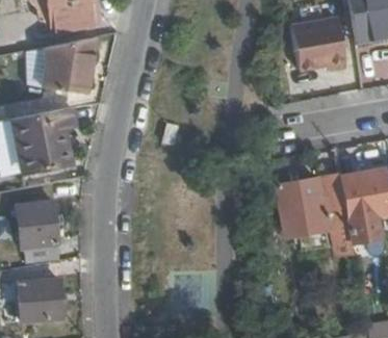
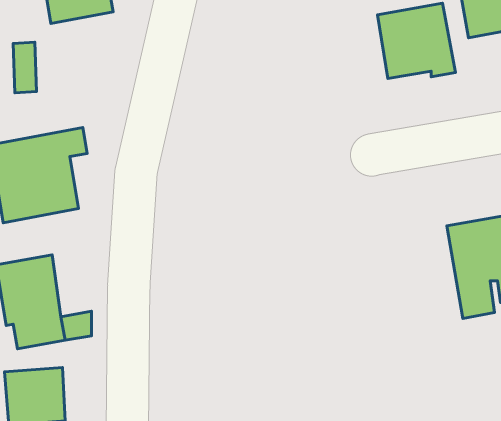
building: [51,45,95,93] -> none
building: [275,173,353,254] -> none

